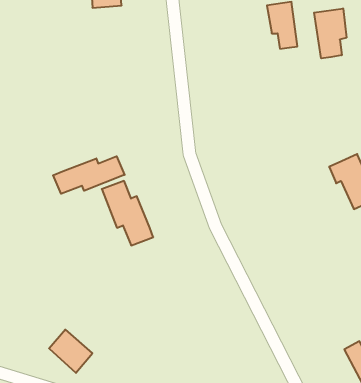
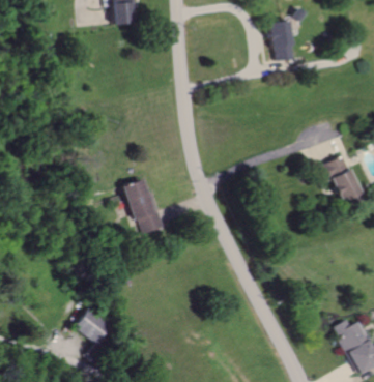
building: [314,8,346,58] -> none
building: [53,156,125,194] -> none

